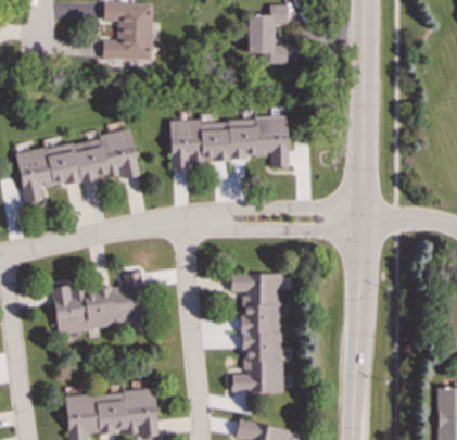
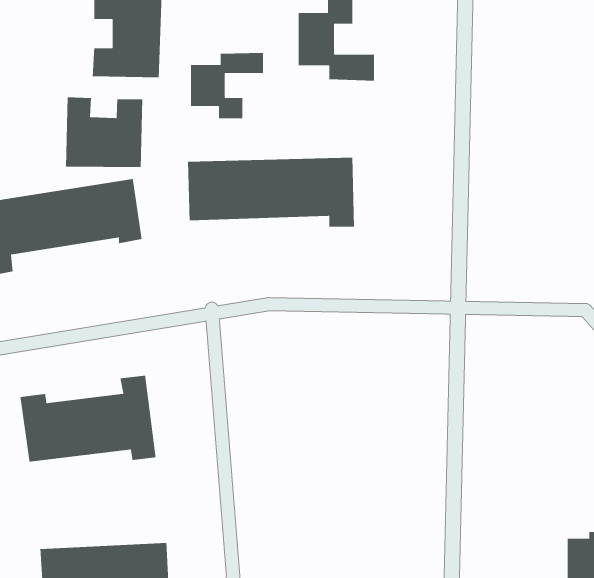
building: none -> [190,52,264,119]
building: none -> [65,96,143,168]
building: [230,274,282,392] -> none

